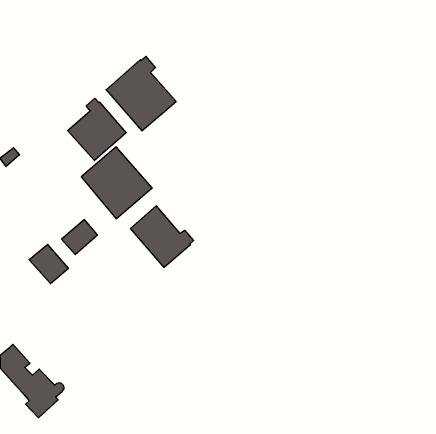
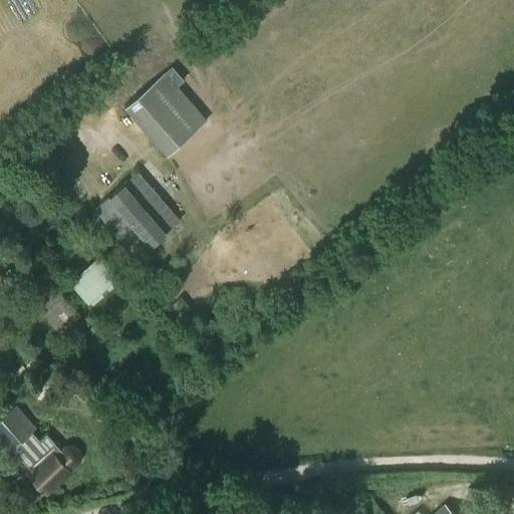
building: [68,98,126,161] -> none
building: [131,206,194,267] -> none

